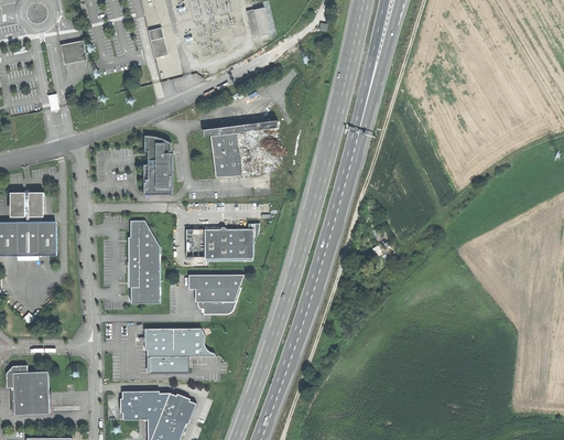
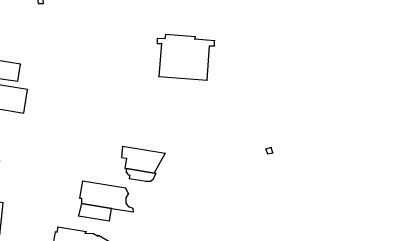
building: [141,136,171,194] -> none
building: [127,221,160,304] -> none
building: [186,222,259,260] -> none

